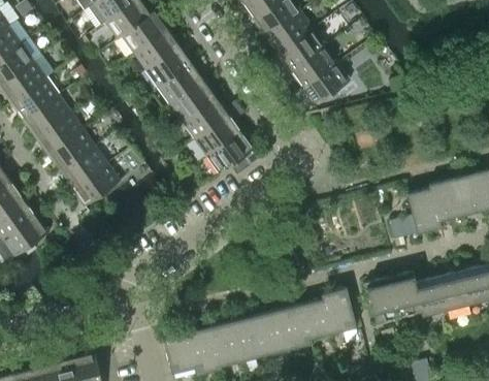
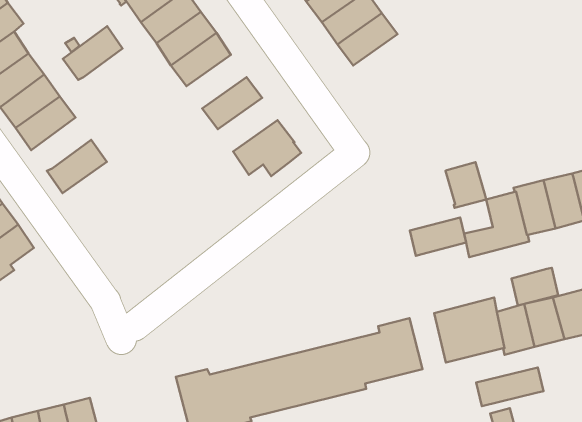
building: [301,63,349,106] -> none
building: [169,80,217,122] -> none
building: [194,114,241,156] -> none
building: [46,129,94,171] -> [63,26,123,80]
building: [71,164,120,207] -> none
building: none -> [446,162,486,208]
building: none -> [410,217,466,256]
building: none -> [511,268,558,306]
building: none -> [476,368,544,406]

